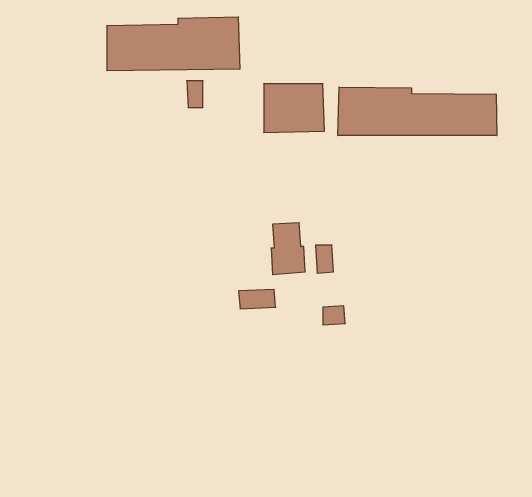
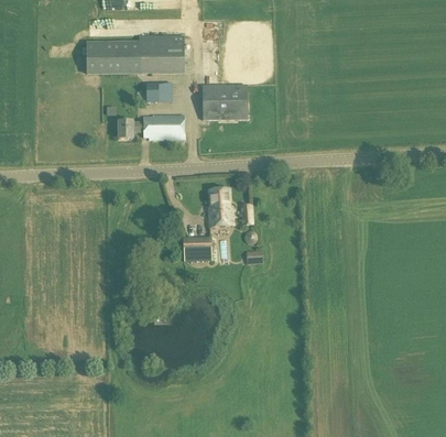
building: [338,87,497,136] -> none
building: none -> [118,116,185,139]

